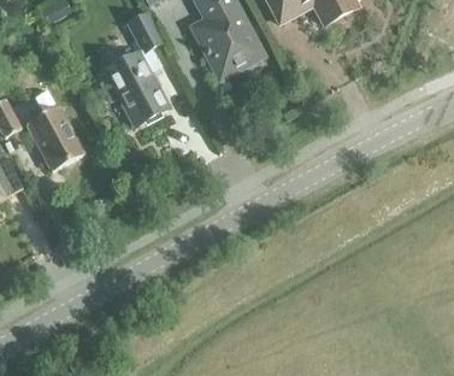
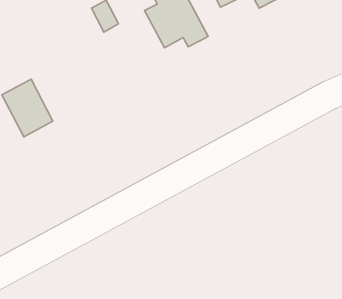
building: [100,51,167,124] -> none

